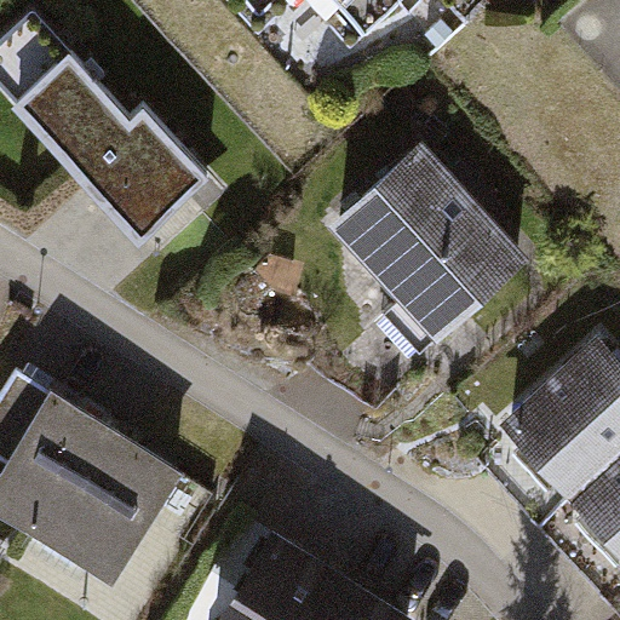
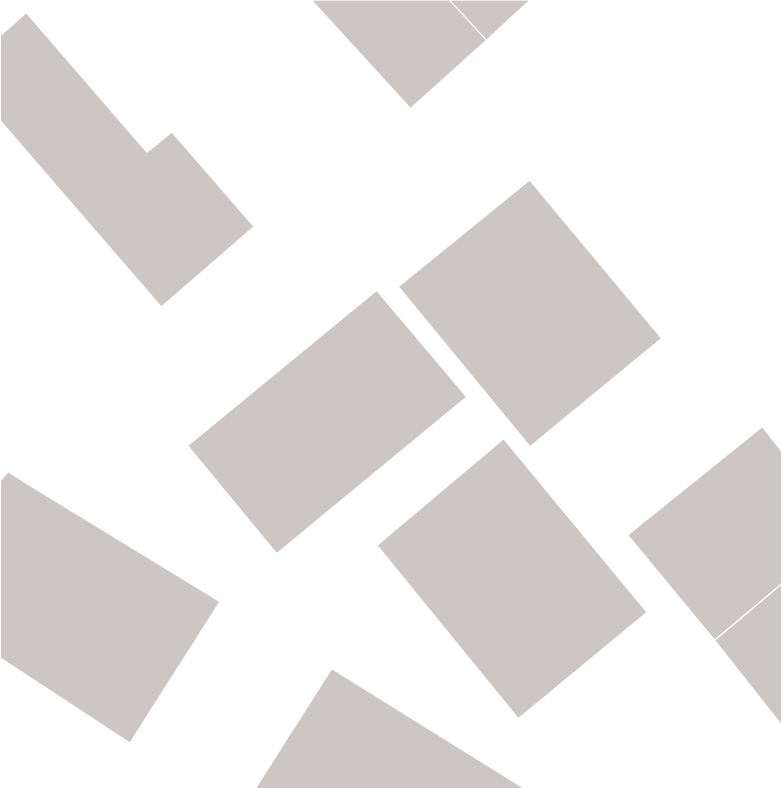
building: none -> [187,290,467,554]
building: none -> [377,438,647,719]

